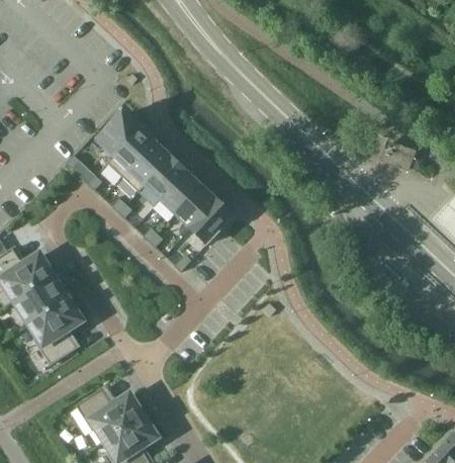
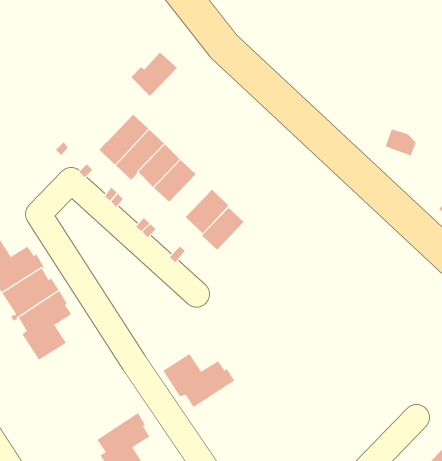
building: [96,113,142,156] -> [130,52,178,96]
building: [176,186,217,227] -> [201,207,244,250]
building: [77,388,147,441] -> [163,353,235,408]

